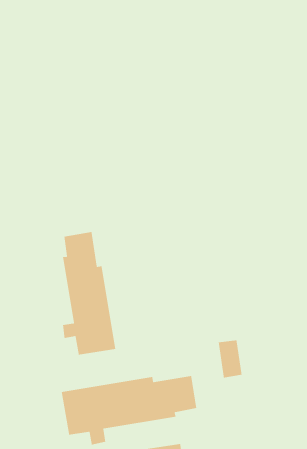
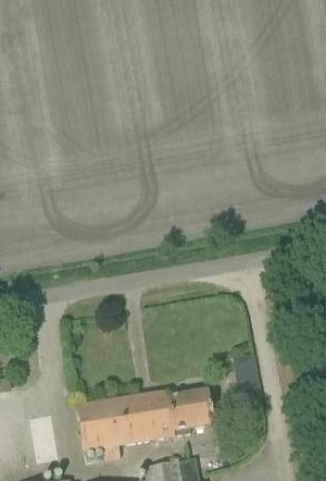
building: [62,231,116,356] -> none

